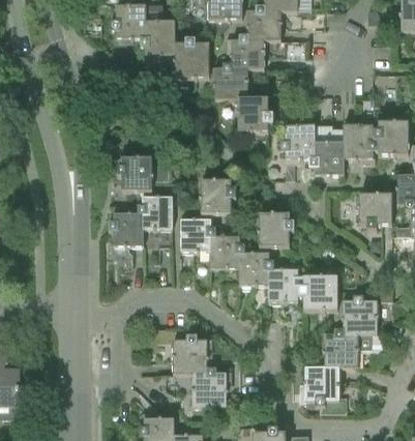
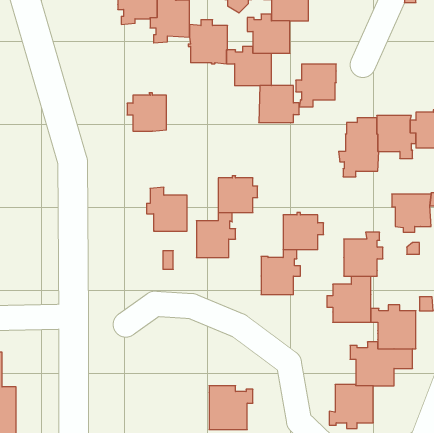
building: [278,125,315,164] -> [296,64,336,107]
building: [116,156,151,190] -> [127,93,166,131]
building: [108,208,143,246] -> none
building: [209,230,244,269] -> none
building: [267,263,302,302] -> [344,232,383,276]
building: [172,334,211,374] -> none

